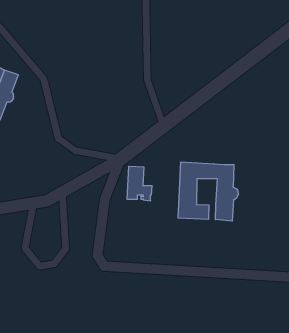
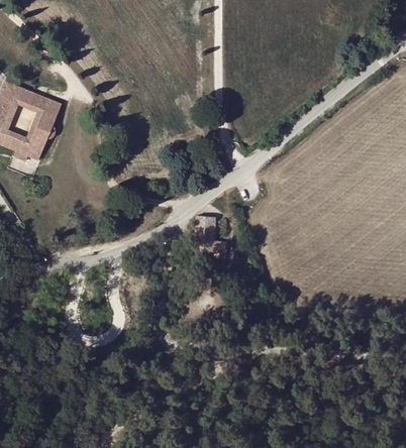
building: [178,162,238,221] -> none

